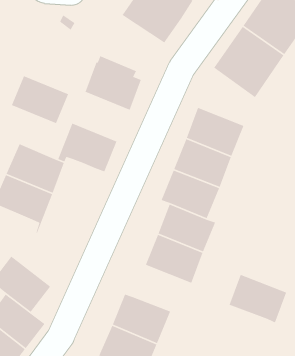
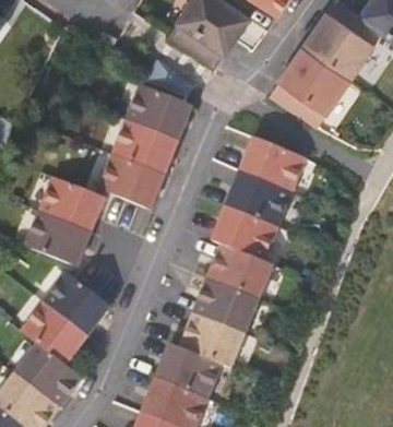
building: [11,75,69,124] -> [110,119,176,174]
building: none -> [43,262,110,336]
building: [229,274,287,324] -> [179,312,245,368]

